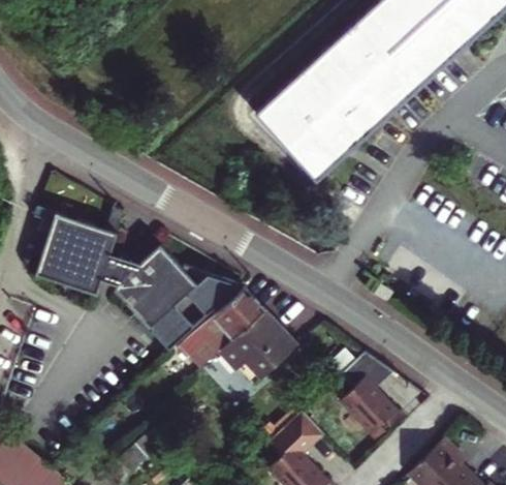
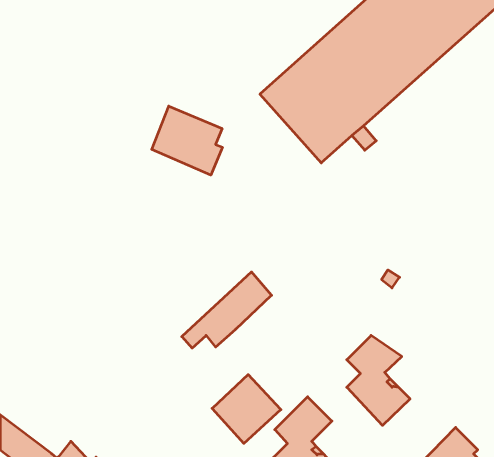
building: none -> [152,106,222,175]
building: [35,219,244,344] -> none
building: [230,309,297,376] -> [212,375,281,443]

